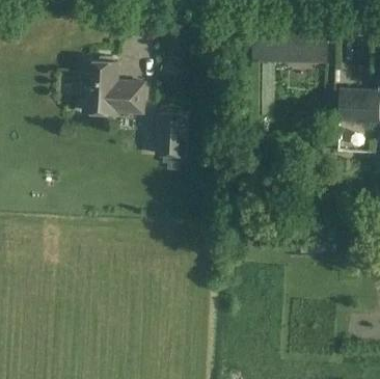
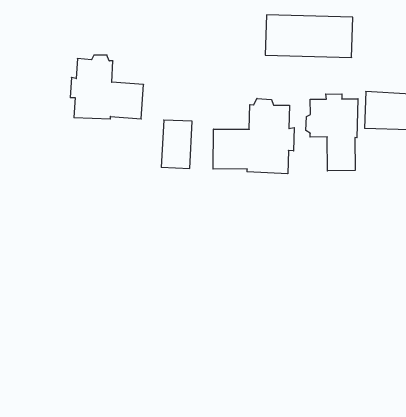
building: none -> [306,94,358,171]
building: none -> [213,98,294,174]

